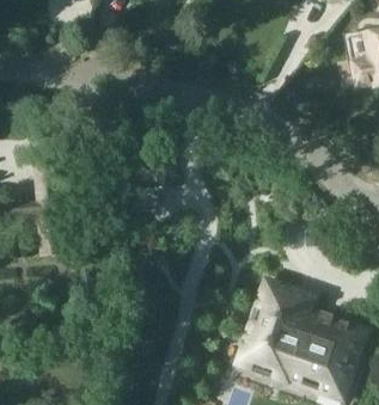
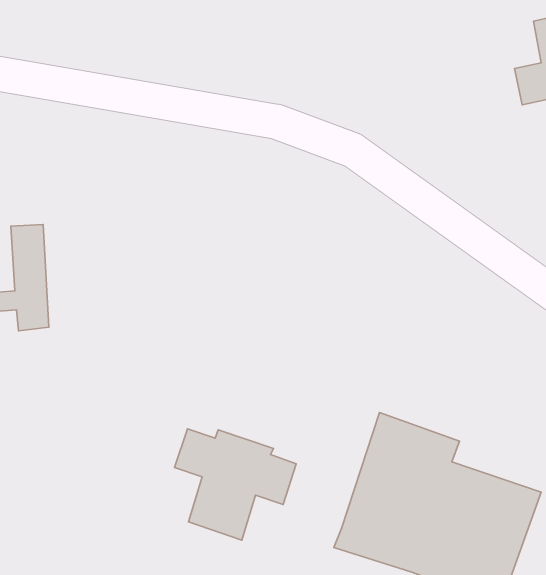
building: none -> [175,429,296,540]

